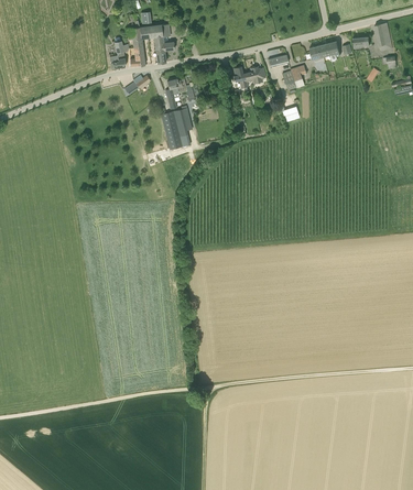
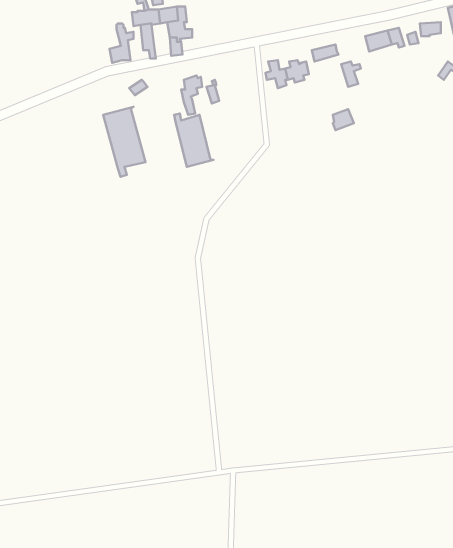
building: none -> [103,107,146,177]

